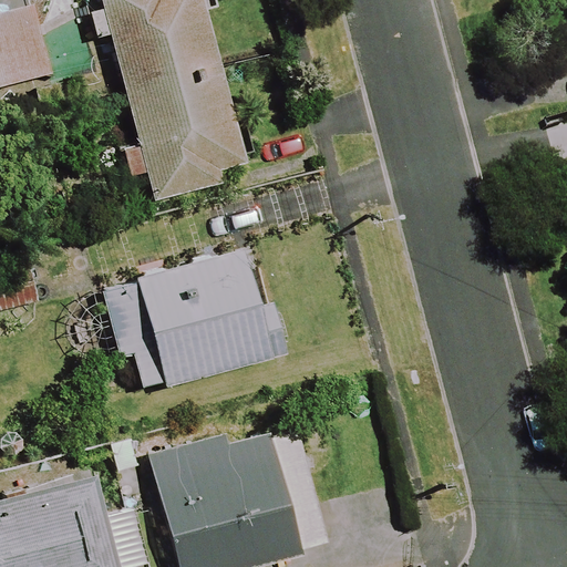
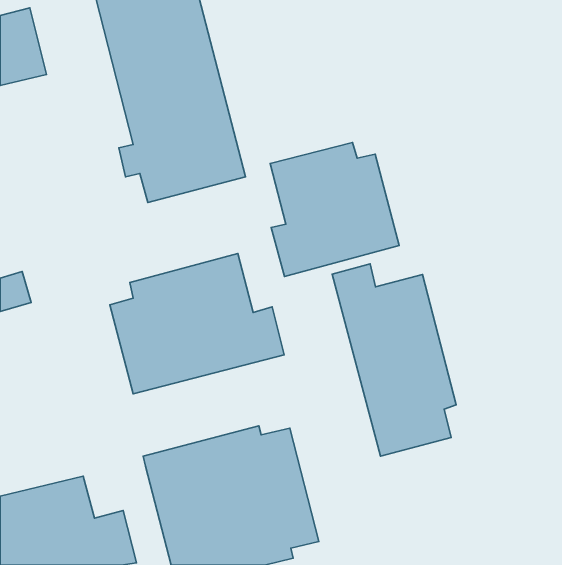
building: none -> [270,142,399,277]
building: none -> [332,264,456,456]

